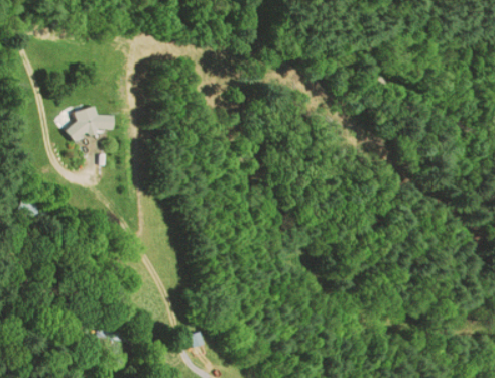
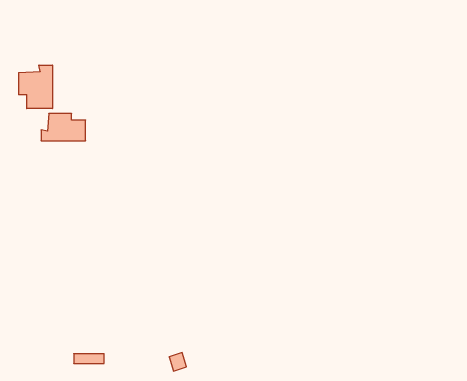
building: none -> [19,65,52,109]

